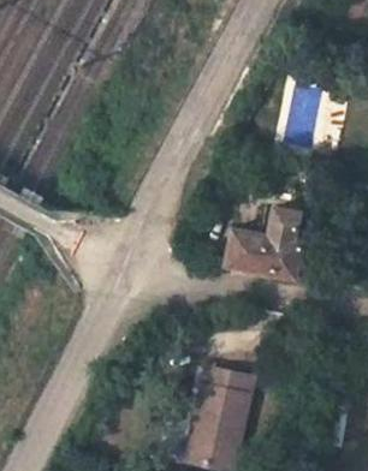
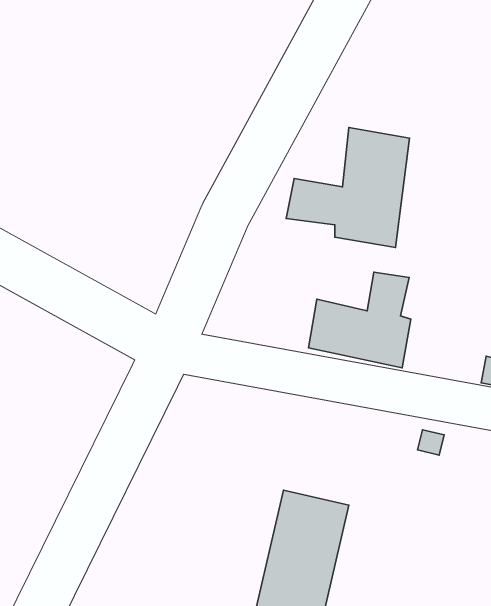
building: none -> [286,128,409,248]

